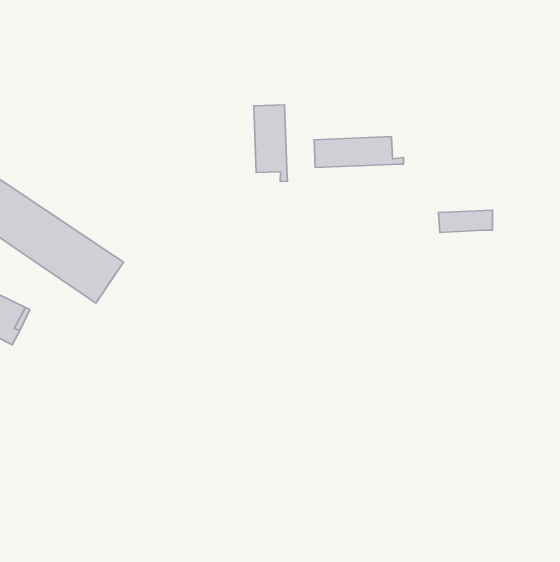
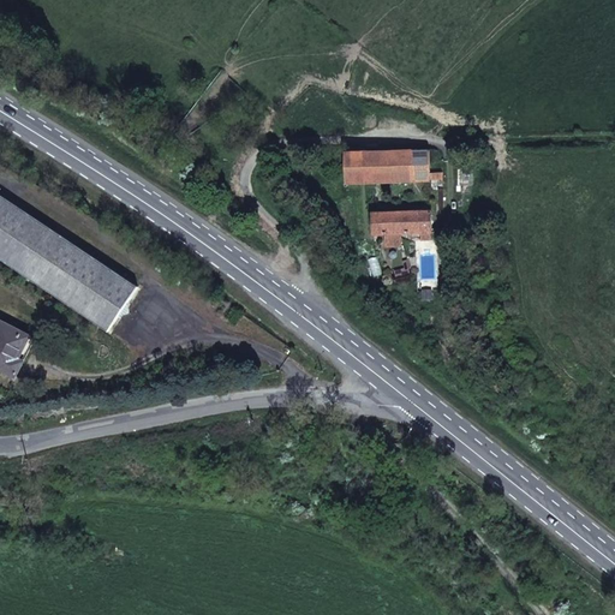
building: [254,105,287,182] -> none
building: [439,210,493,232] -> [369,210,428,234]

